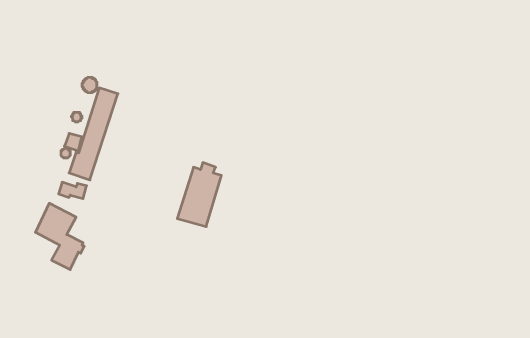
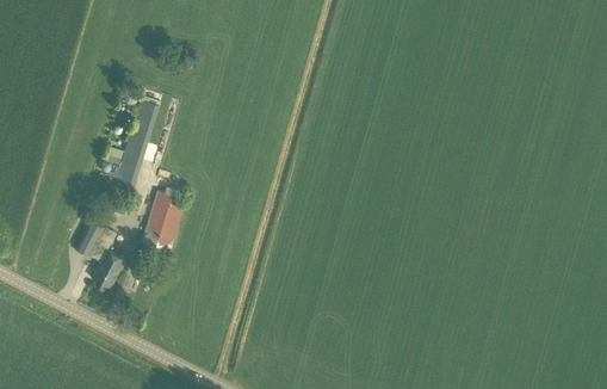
building: [177,163,221,227] -> [141,185,186,251]

